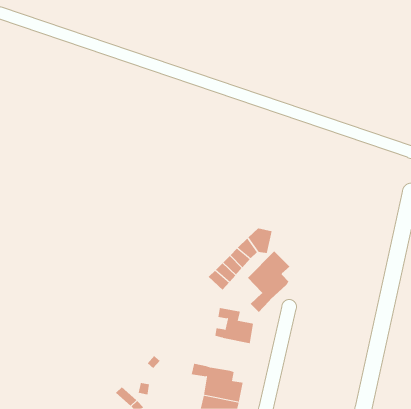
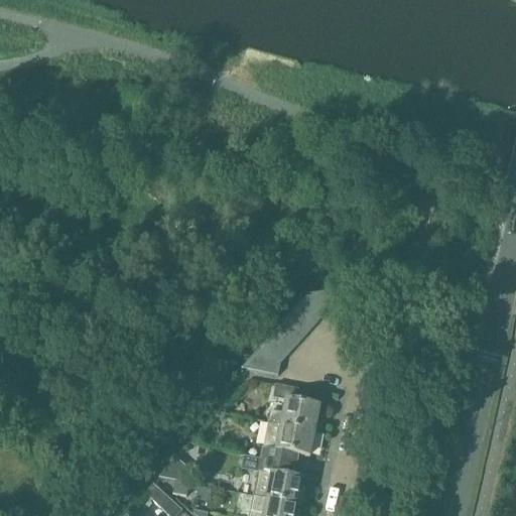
building: [247,251,290,313] -> none
building: none -> [240,347,278,374]
building: none -> [260,420,313,466]

